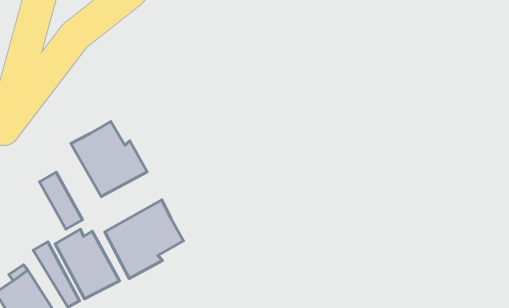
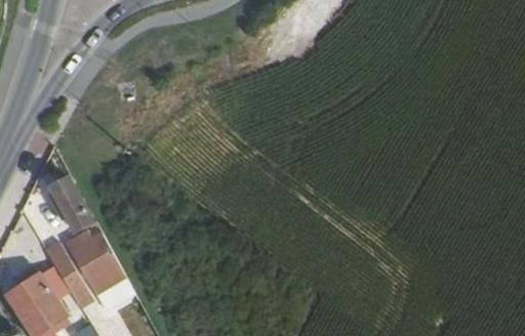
building: [71,122,147,197] -> none
building: [105,200,184,279] -> none

